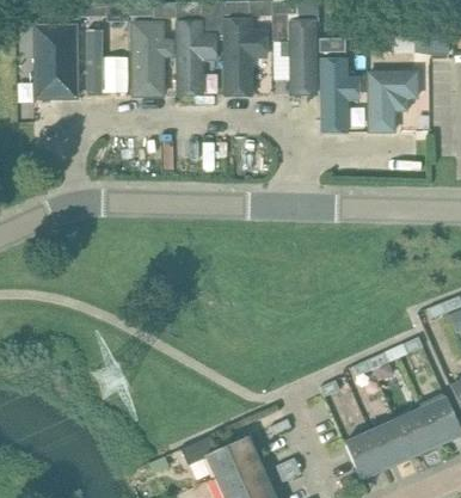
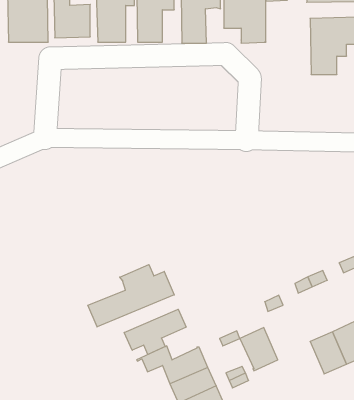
building: [320,57,362,133] -> none
building: none -> [88,265,174,327]
building: none -> [124,309,186,354]
building: [343,430,385,478] -> [240,328,278,371]

